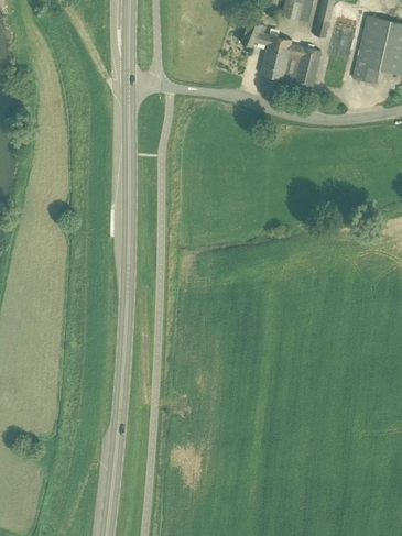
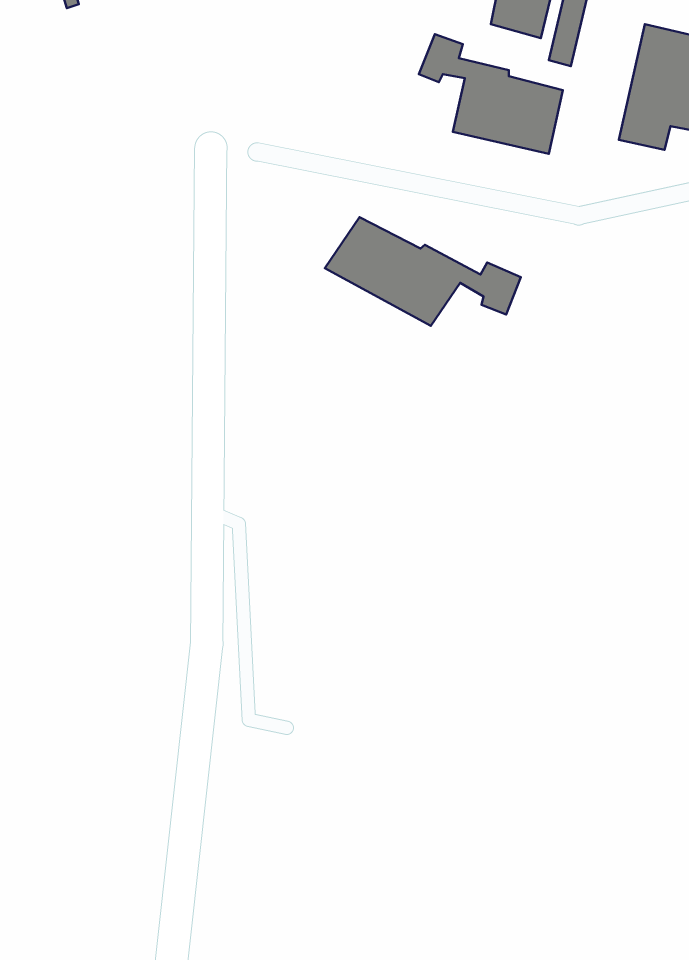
building: none -> [325,217,521,326]

